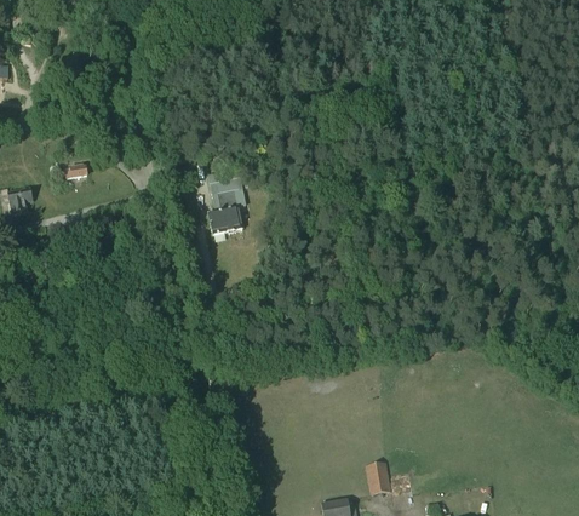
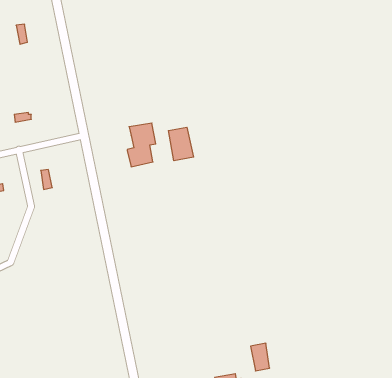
building: none -> [168,127,194,161]

